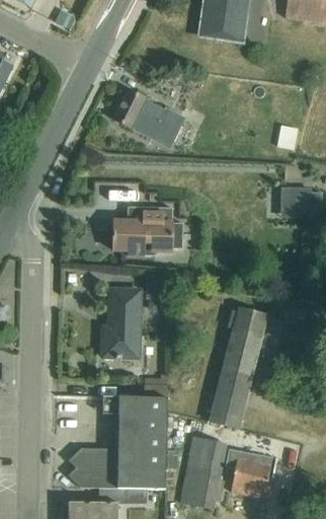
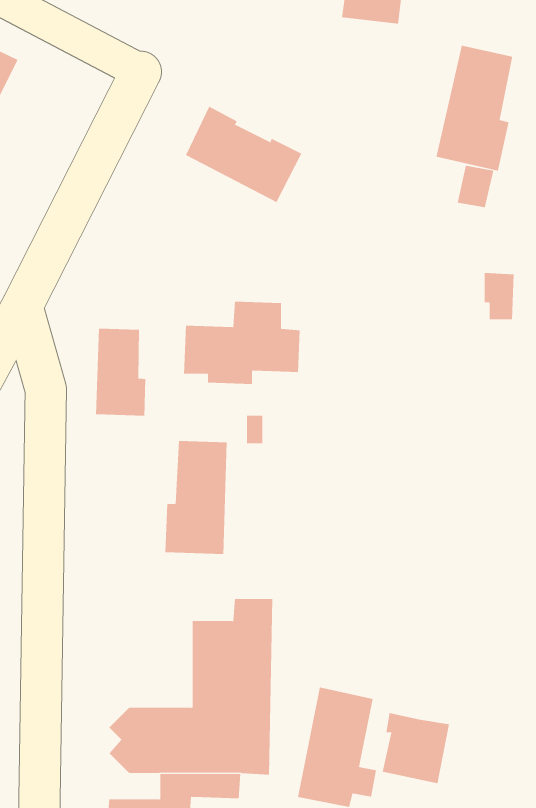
building: none -> [436,45,513,171]
building: none -> [95,328,146,417]
building: [209,309,265,428] -> none

